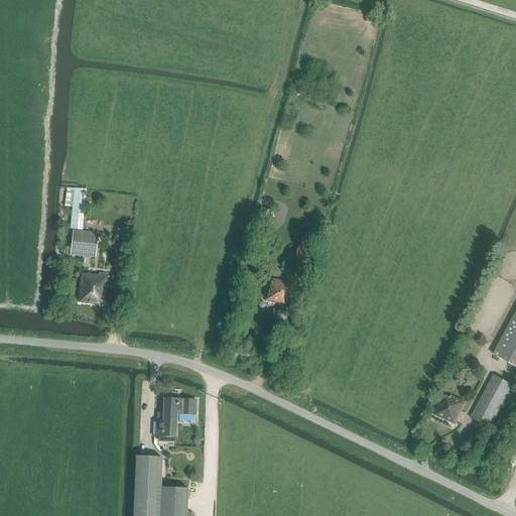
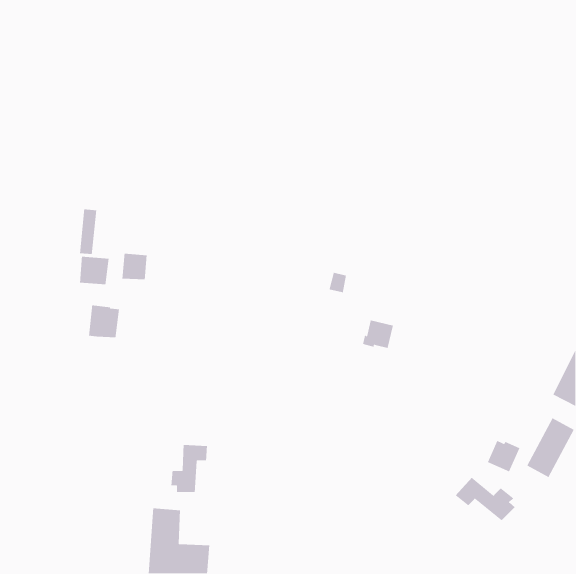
building: none -> [121,253,148,280]
building: [264,277,292,303] -> [362,320,394,349]
building: none -> [455,477,515,521]

